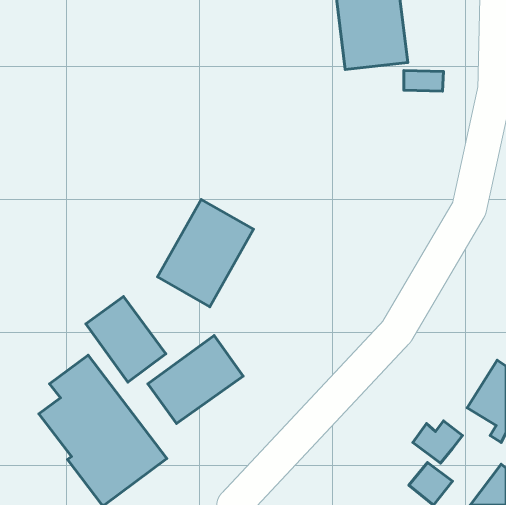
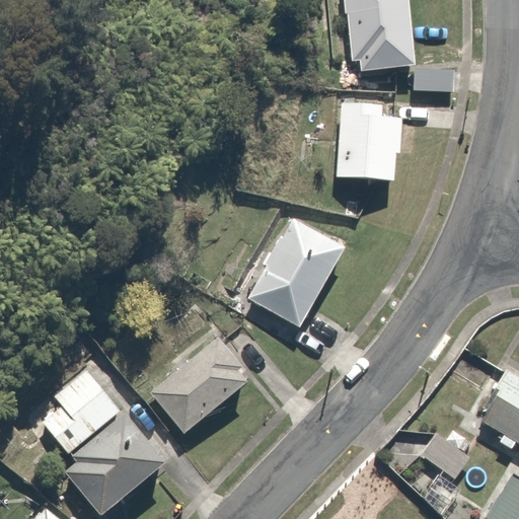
building: none -> [336,105,377,186]
building: [157,200,254,307] -> [247,218,346,327]
building: [86,296,166,382] -> none

